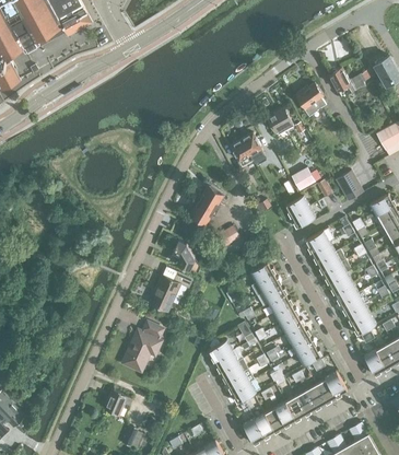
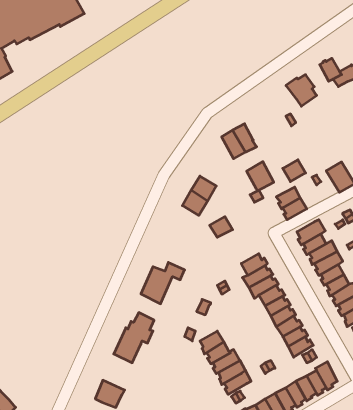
building: [266,106,293,136] -> [247,162,274,191]
building: [171,240,199,273] -> none

